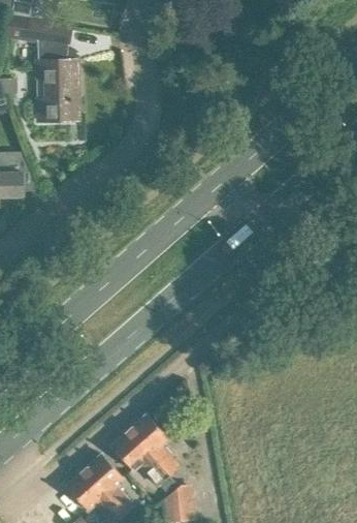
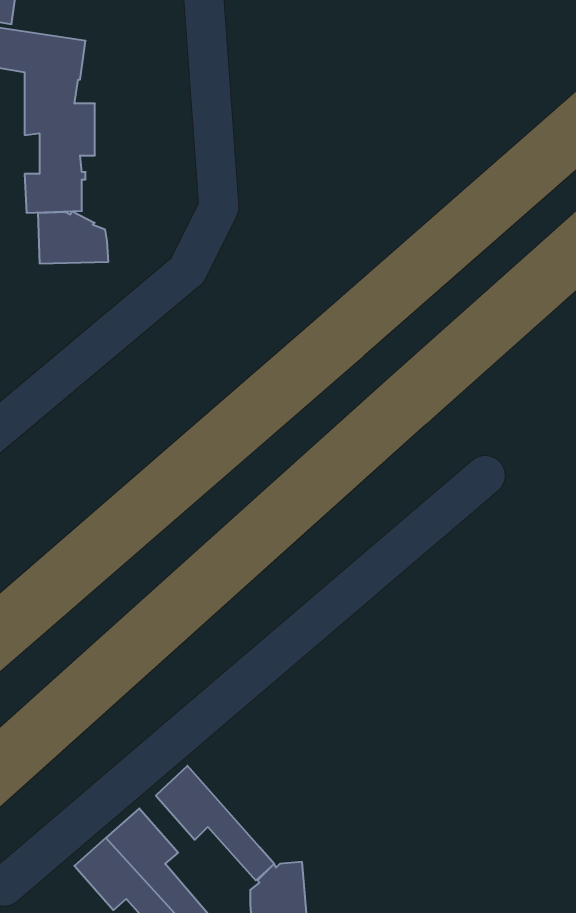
building: none -> [38,211,108,264]
building: [129,413,181,475] -> none

